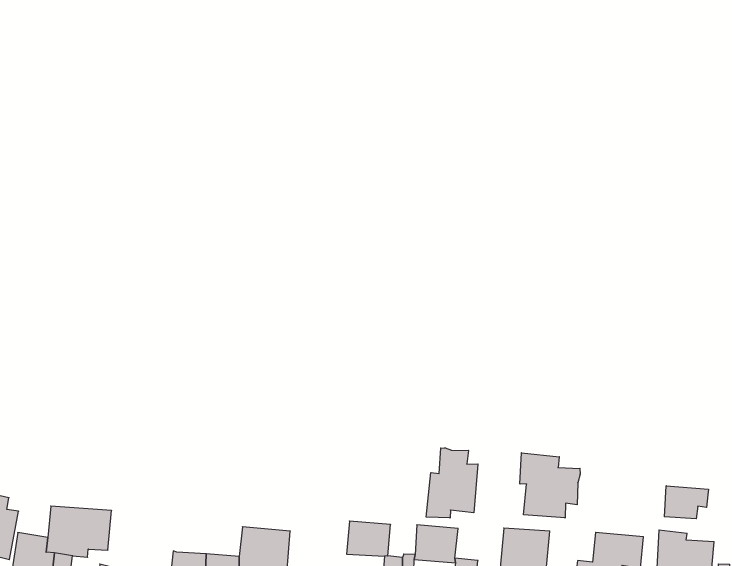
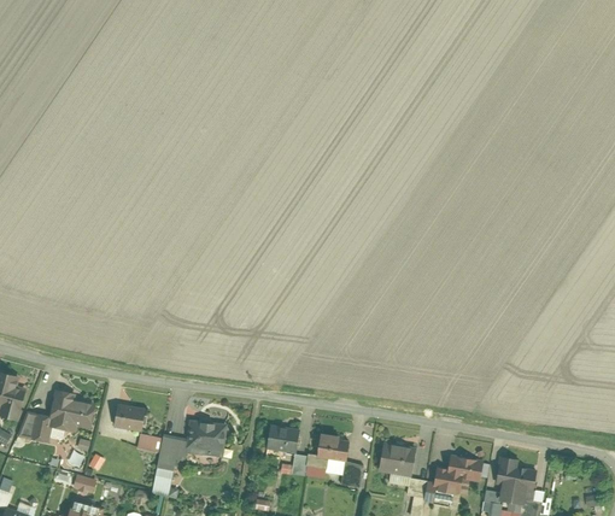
building: [426,448,478,518] -> none
building: [520,453,580,518] -> none
building: [664,486,708,519] -> none
building: none -> [112,405,145,434]

